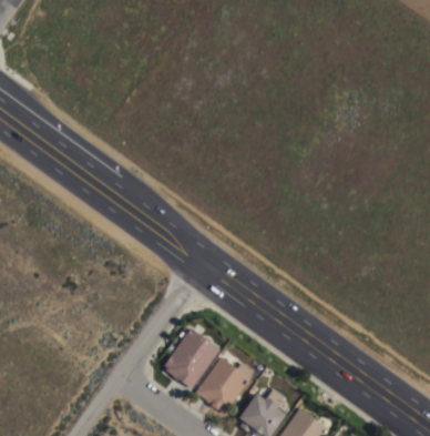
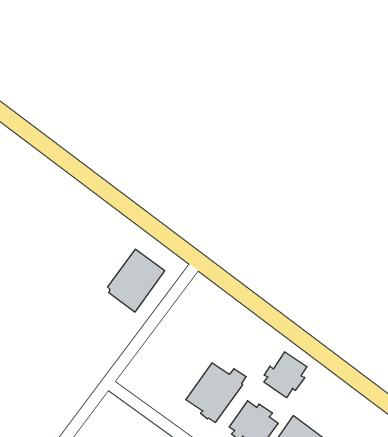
building: [164,327,219,388] -> [108,249,165,312]
building: none -> [264,352,307,398]

